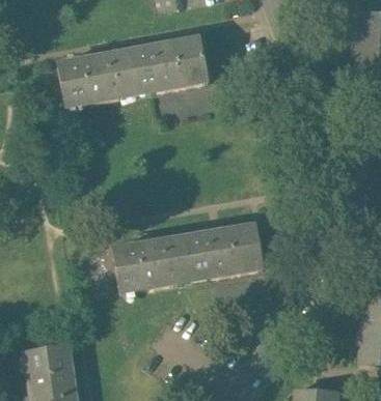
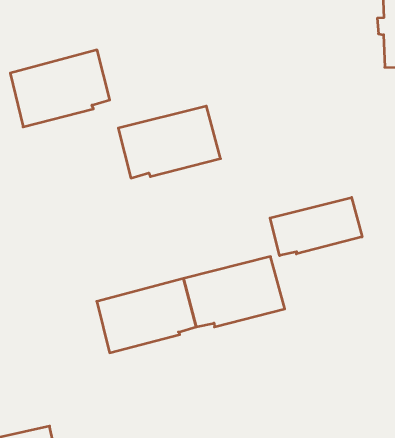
building: [128,36,208,89] -> [118,106,221,178]
building: none -> [270,197,362,256]

